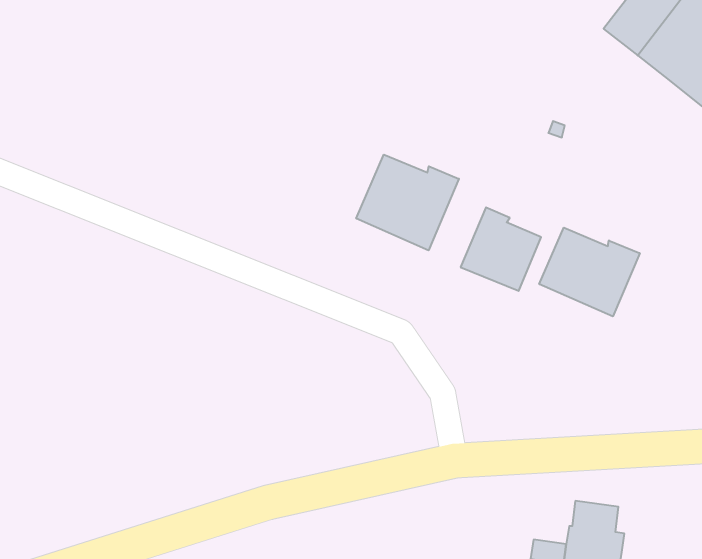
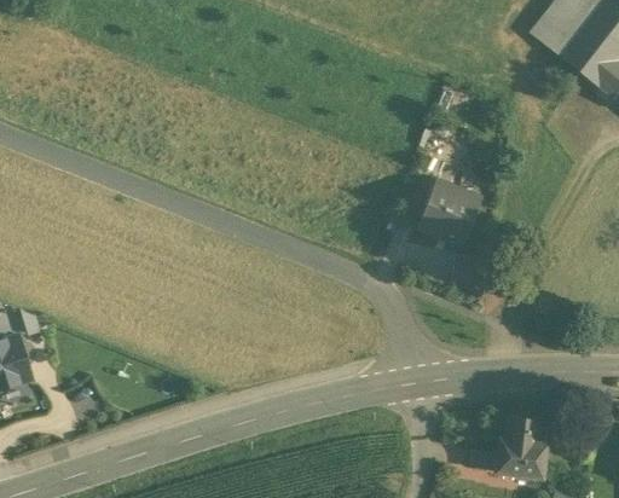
building: [356,155,459,250] -> none
building: [539,228,640,316] -> none

